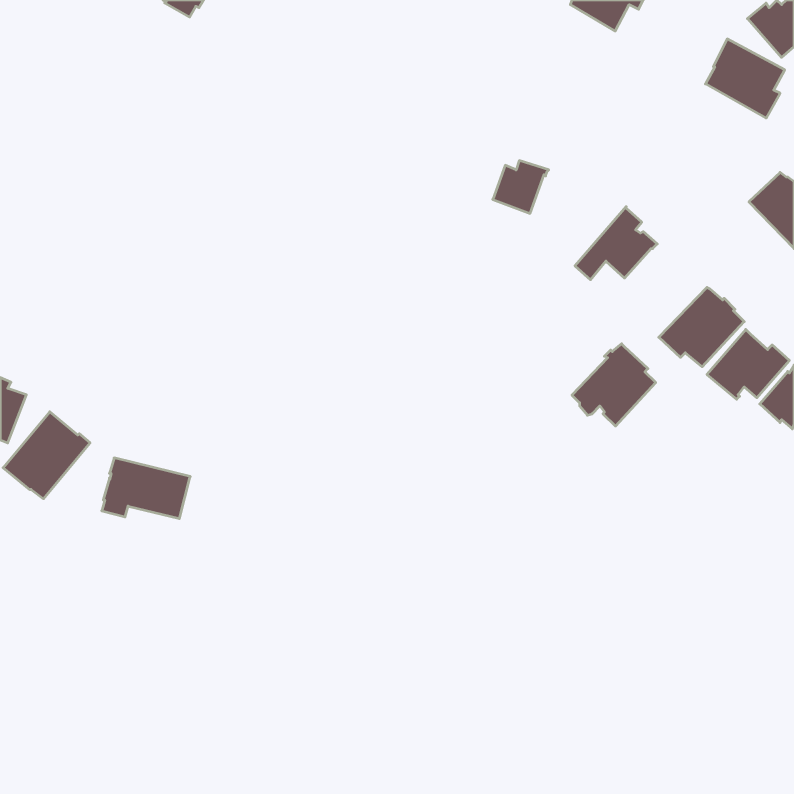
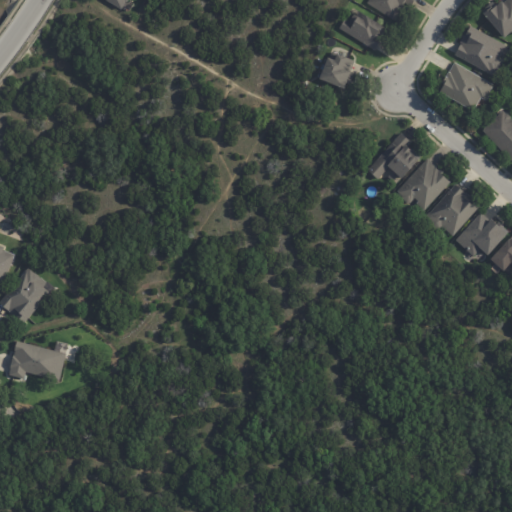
building: none -> [339,10,383,50]
building: none -> [438,62,493,111]
building: [493,161,549,213] -> [319,55,355,89]
building: [572,344,656,426] -> [396,158,450,211]
building: [102,458,190,519] -> [9,341,66,380]

